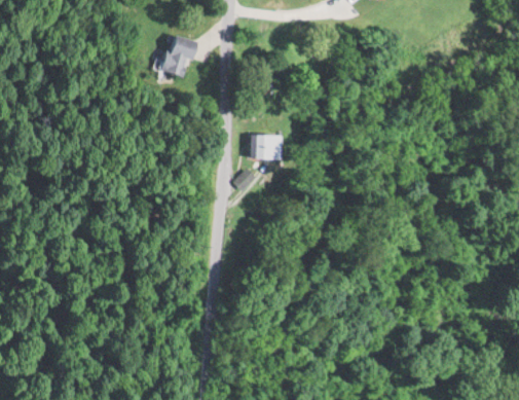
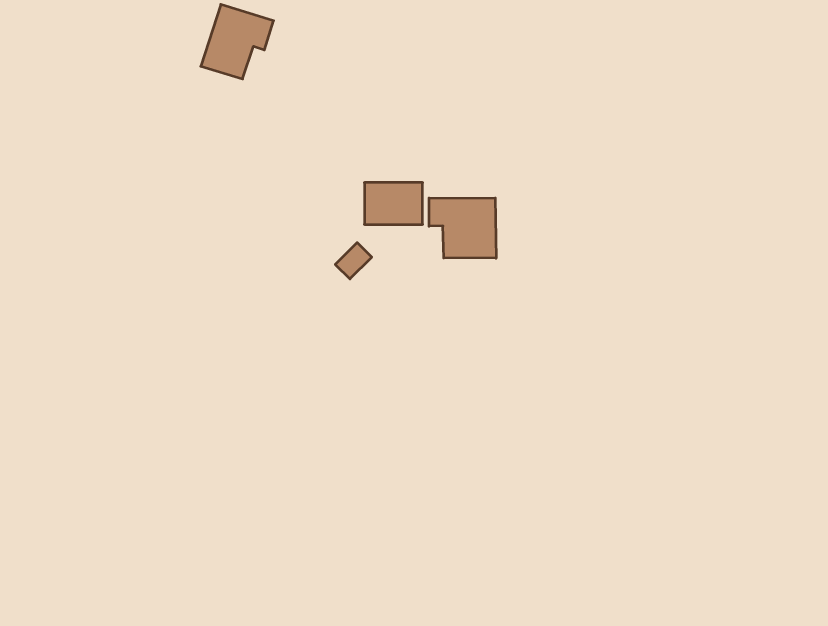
building: none -> [429,198,496,258]

